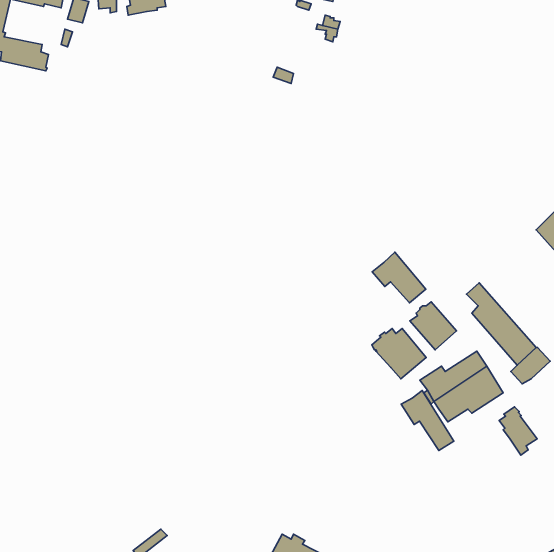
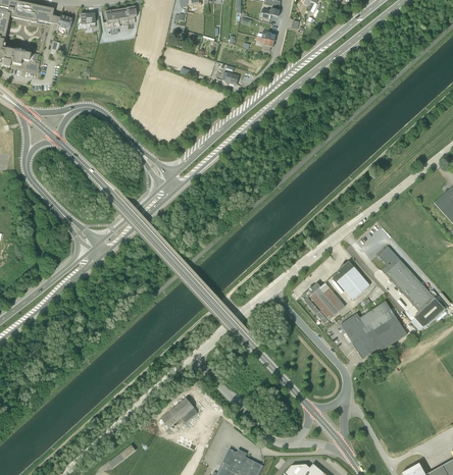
building: [372,252,426,303] -> none
building: [401,391,454,451] -> none
building: [499,407,537,455] -> none
building: none -> [160,398,197,428]

